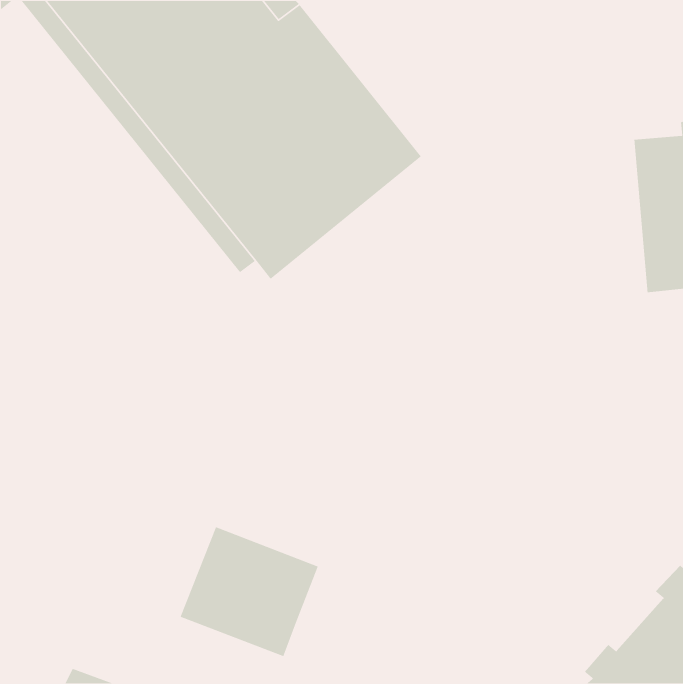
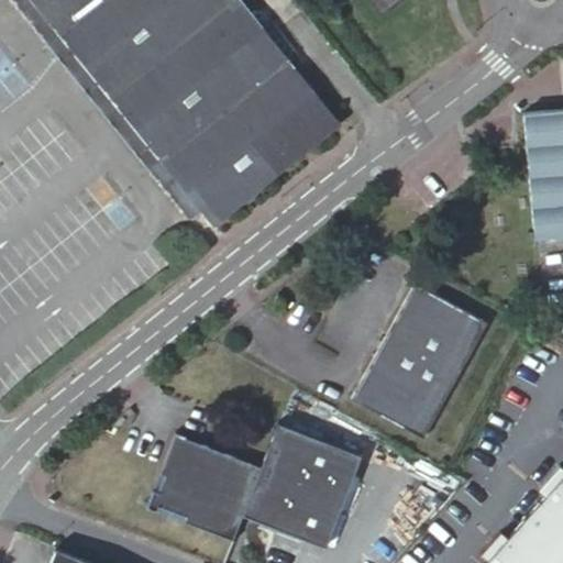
building: none -> [354,283,488,438]
building: none -> [244,421,364,547]

